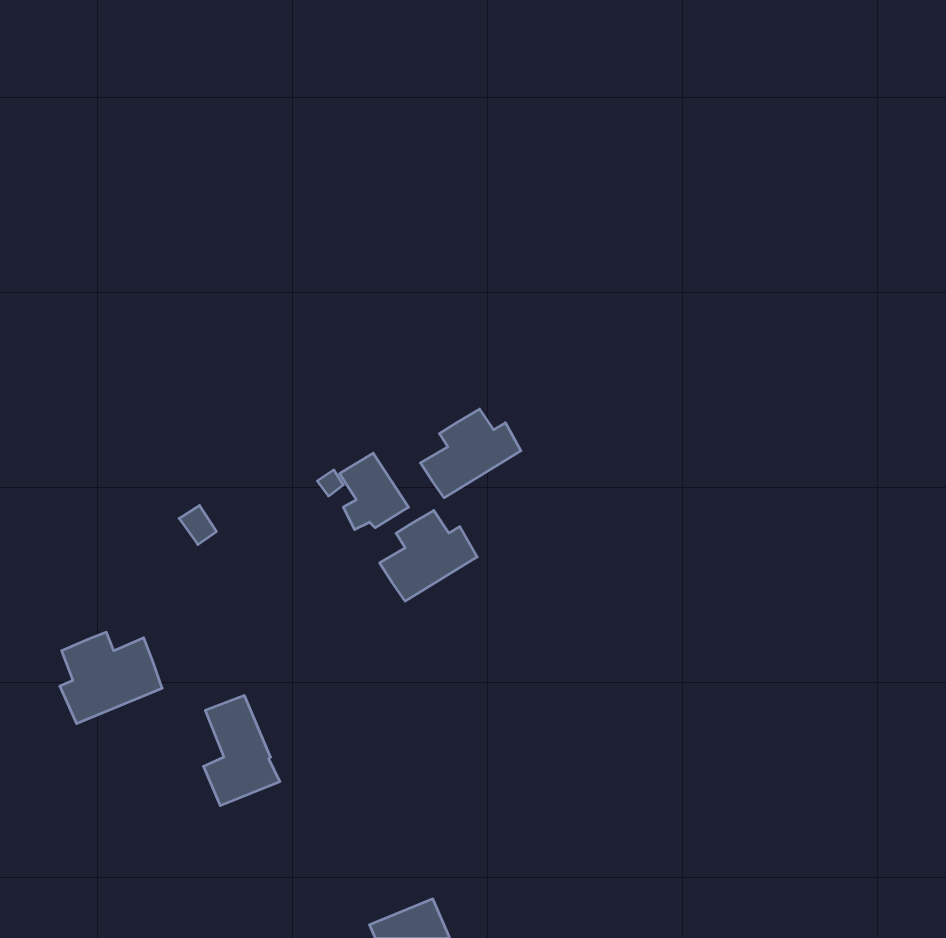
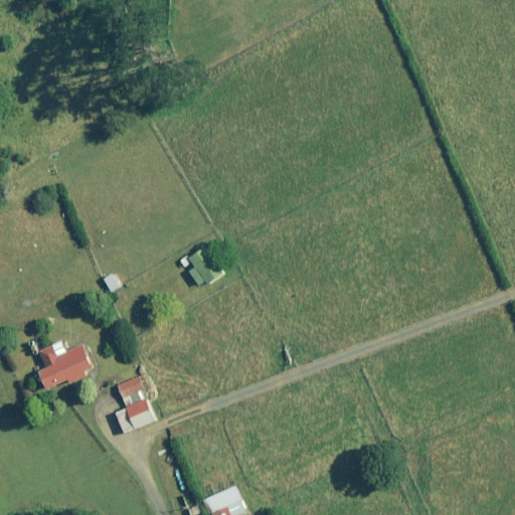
building: [420,409,521,498] -> none
building: [380,510,477,601] -> none

